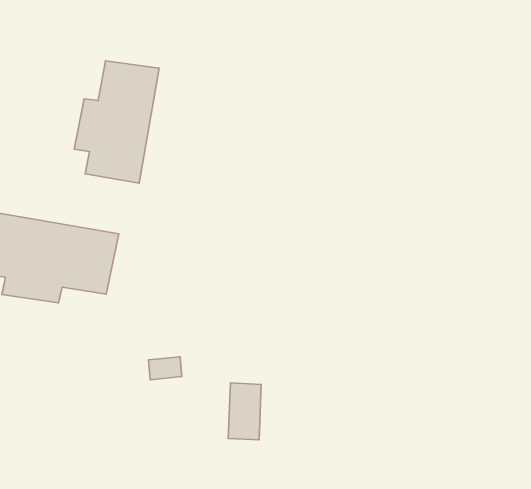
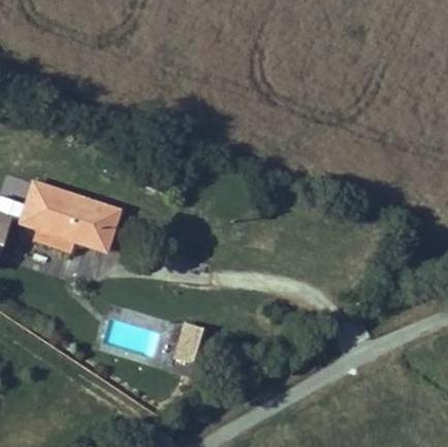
building: [74,61,159,183] -> none

